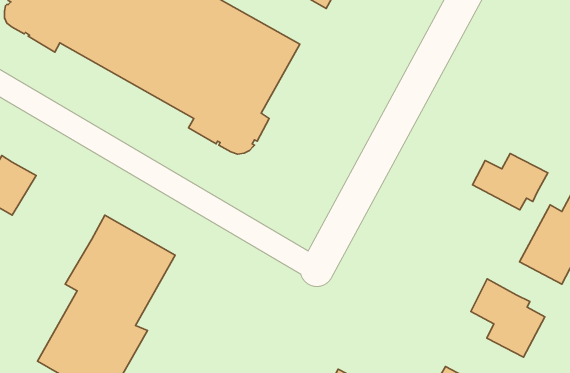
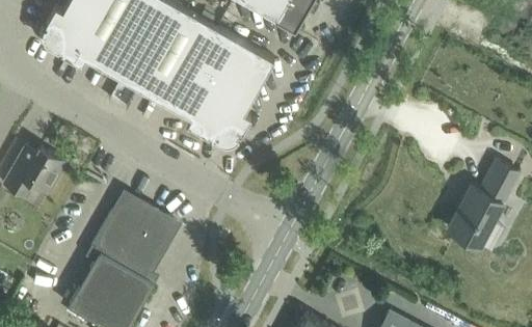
building: [473,153,548,210] -> none
building: [471,279,545,357] -> none

